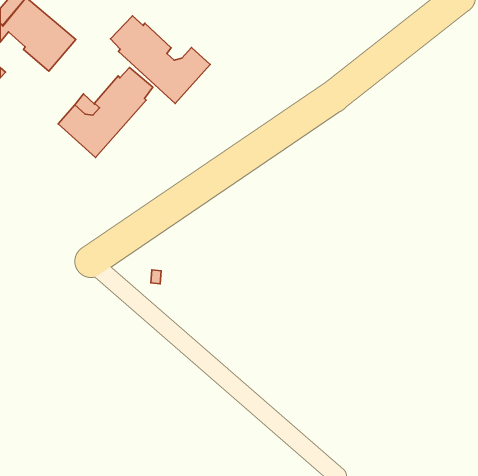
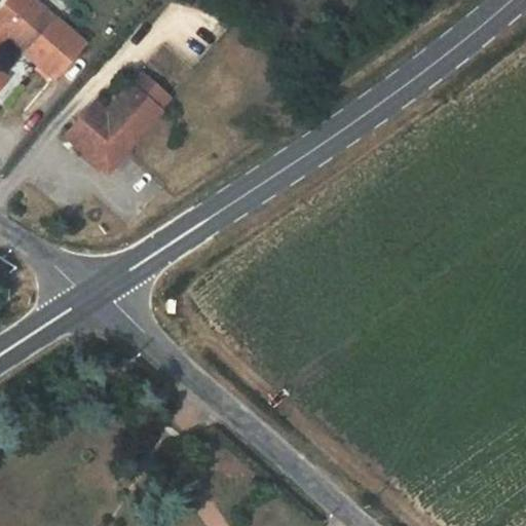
building: [111,16,210,103] -> none

